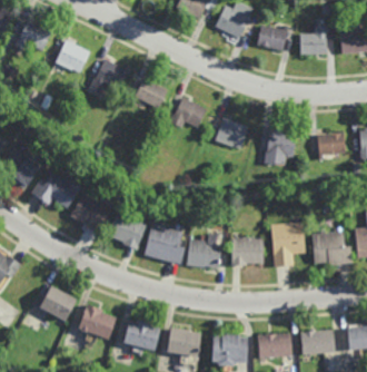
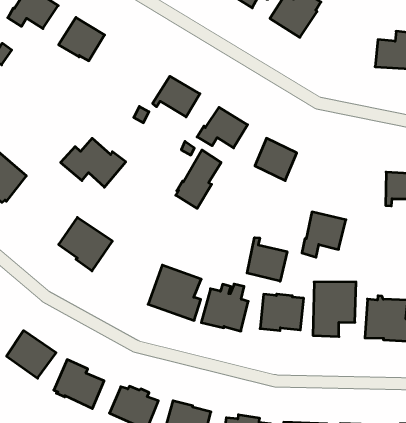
building: [257,25,289,50] -> none
building: [90,59,129,94] -> none
building: [265,130,296,165] -> [302,212,346,257]
building: none -> [176,150,221,208]
building: [31,172,81,208] -> [61,138,126,187]
building: none -> [247,238,287,281]
building: [108,213,148,249] -> none

